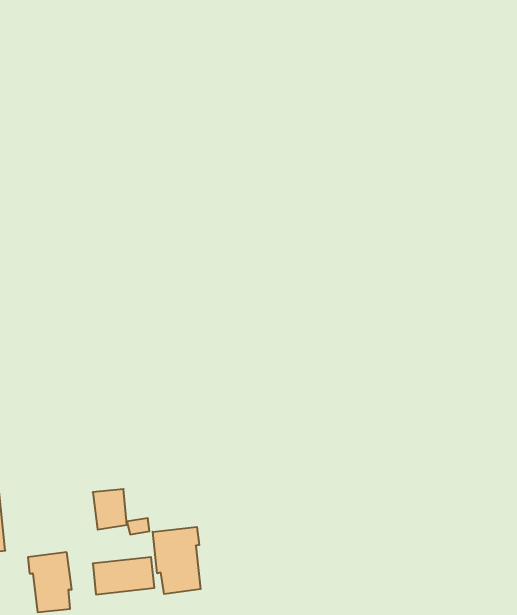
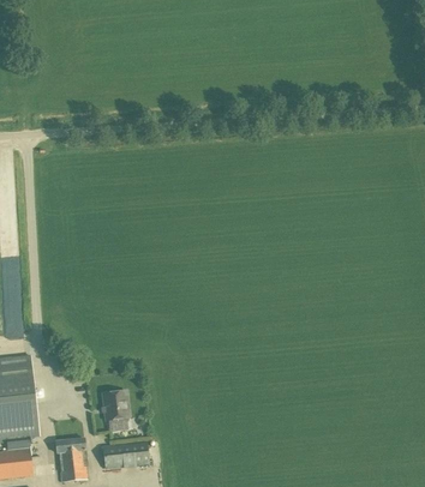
building: [153,527,201,594] -> none

